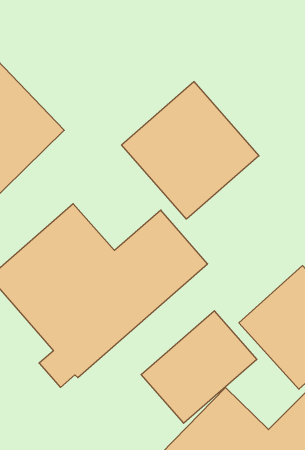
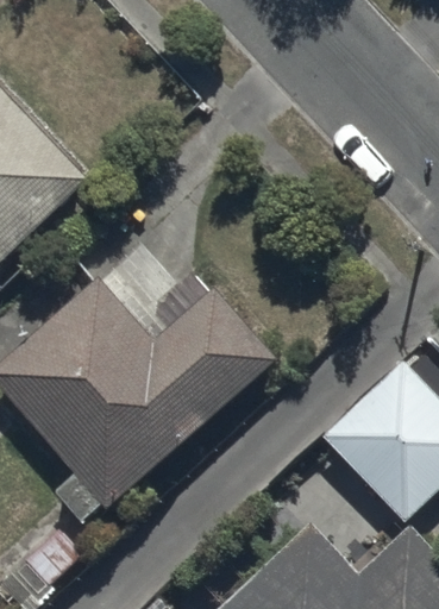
building: [122,82,259,219] -> none
building: [141,311,257,423] -> none

